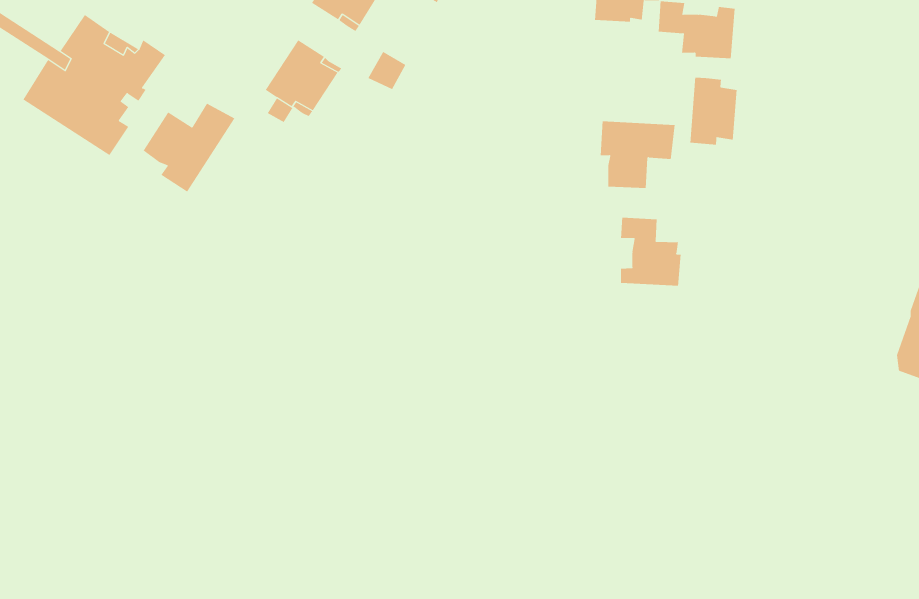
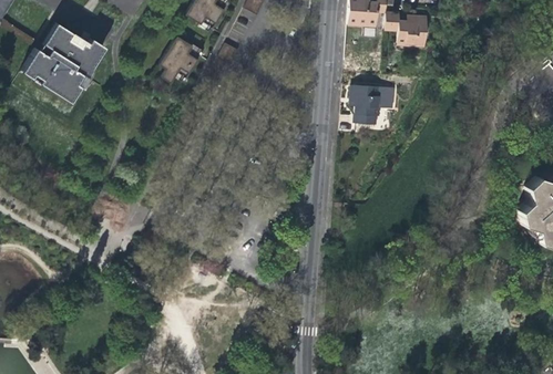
building: [690,77,737,145] -> none
building: [143,103,235,193] -> none
building: [620,217,681,287] -> none

